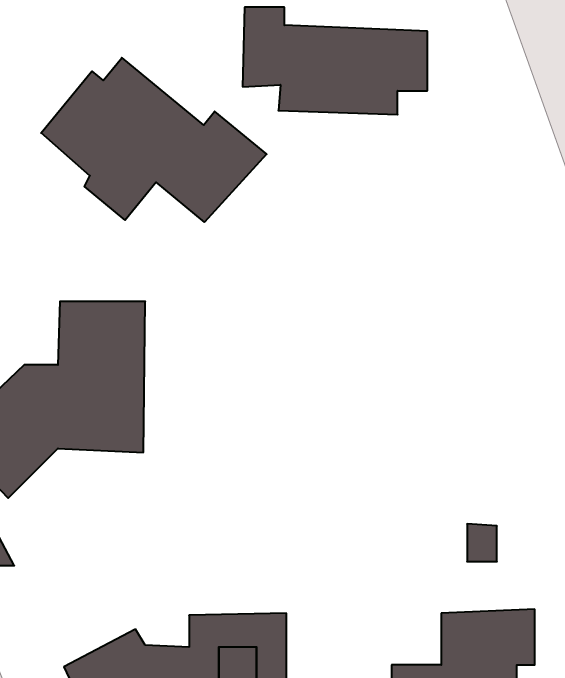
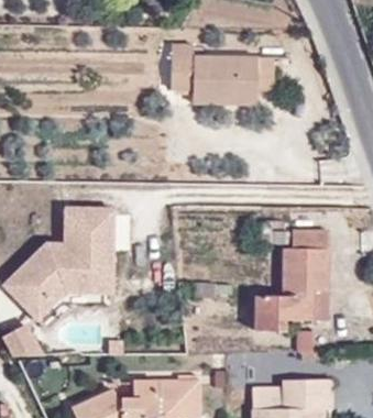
building: [41,58,267,222] -> none
building: none -> [253,231,328,331]

